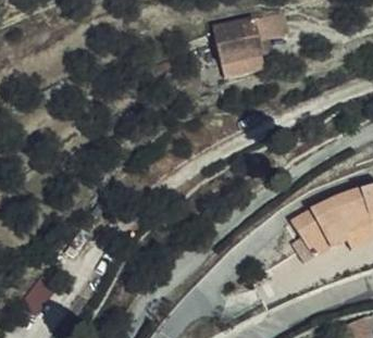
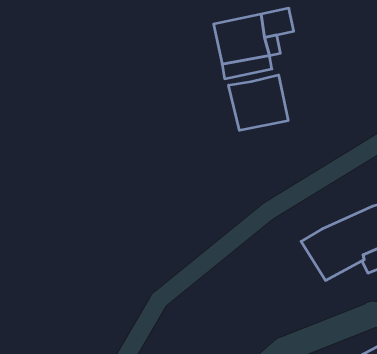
building: none -> [229,75,288,130]

